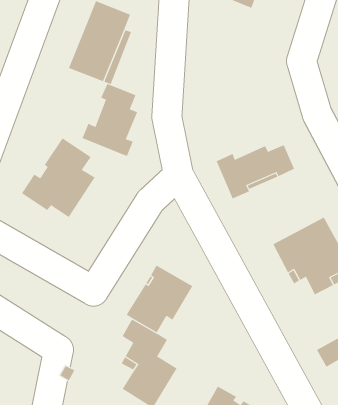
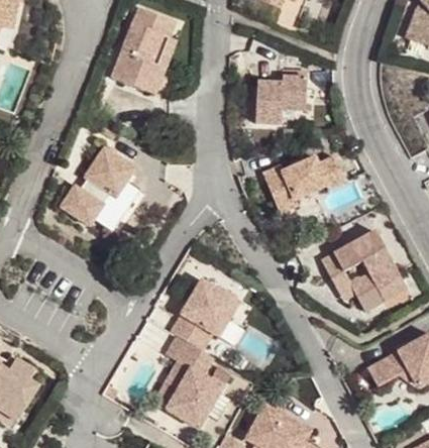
building: none -> [254,76,307,123]
building: [82,83,138,157] -> none

